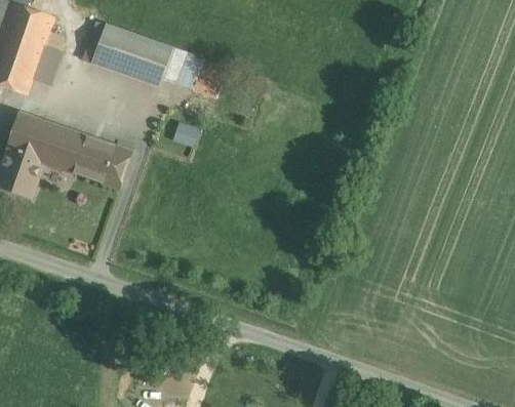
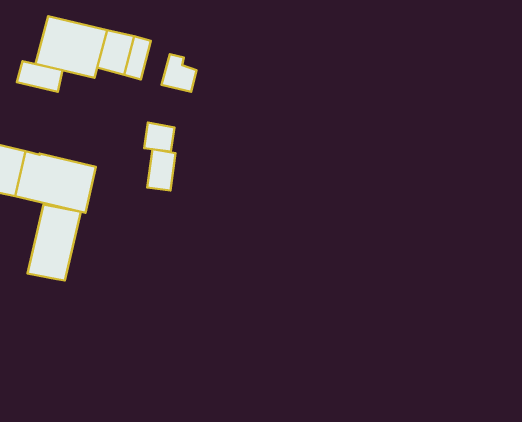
building: none -> [17,61,63,92]
building: none -> [147,149,175,190]
building: none -> [27,205,81,281]

